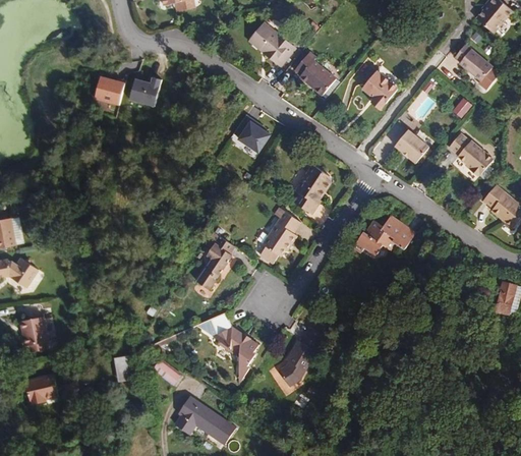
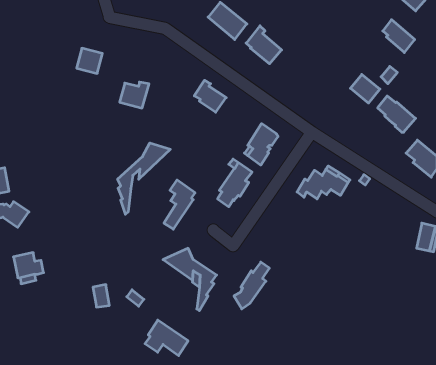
building: [361,70,398,110] -> none
building: [129,77,164,108] -> [120,82,149,108]
building: [395,129,429,163] -> [350,74,380,103]
building: none -> [118,143,170,214]
building: [25,375,59,404] -> none

